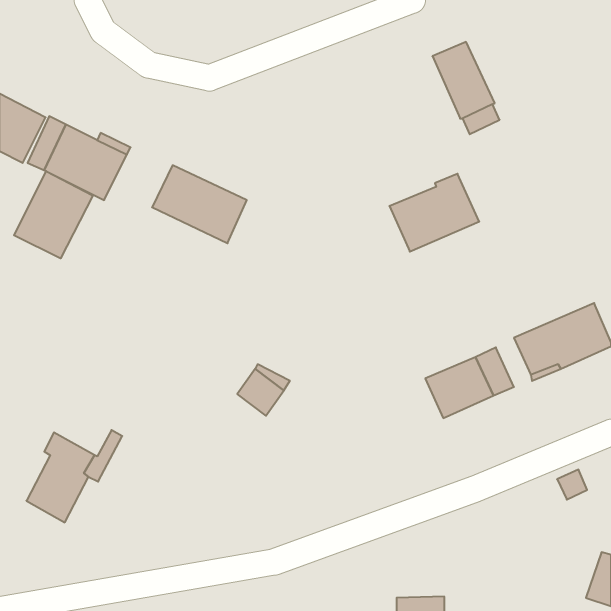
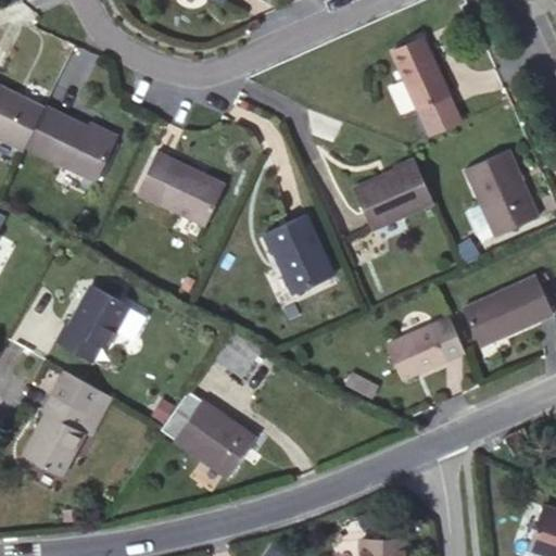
building: none -> [466,150,538,235]
building: [14,171,93,258] -> none
building: none -> [264,214,333,292]
building: none -> [53,286,127,362]
building: none -> [49,369,101,415]
building: none -> [161,390,254,477]

